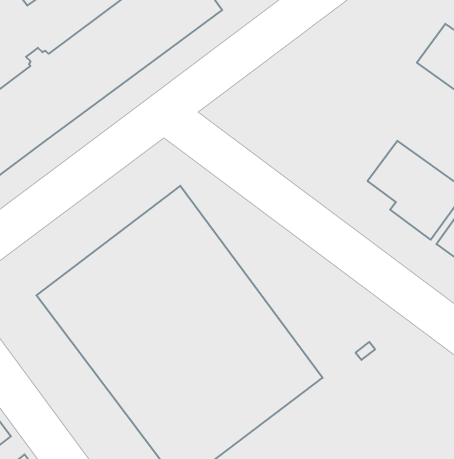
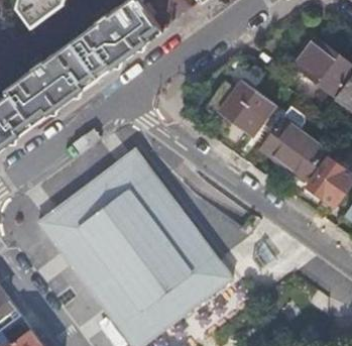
building: none -> [218,80,274,135]

